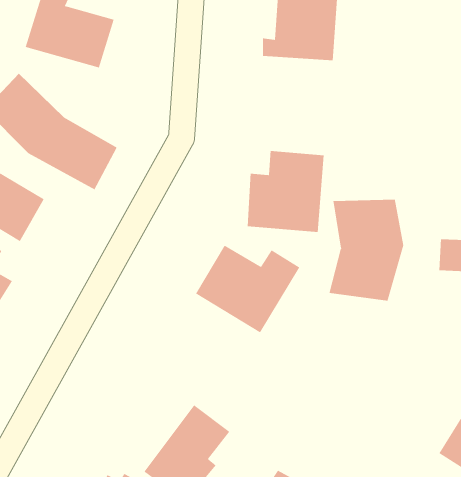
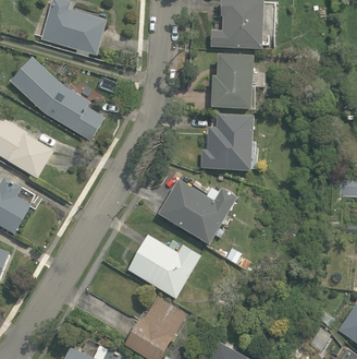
building: none -> [211,53,263,110]
building: [329,199,404,302] -> none
building: none -> [127,235,202,299]

